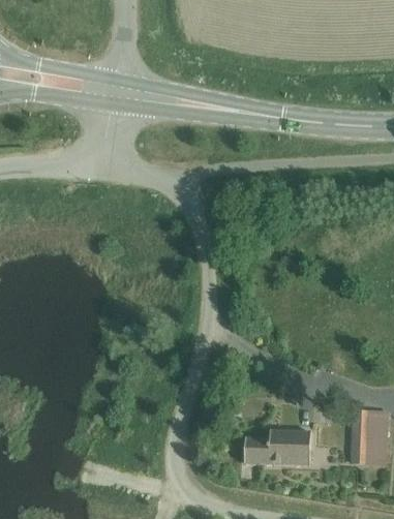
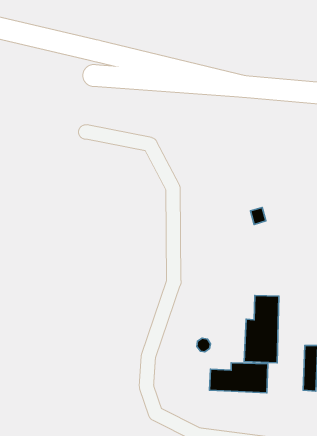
building: none -> [244,296,279,363]

